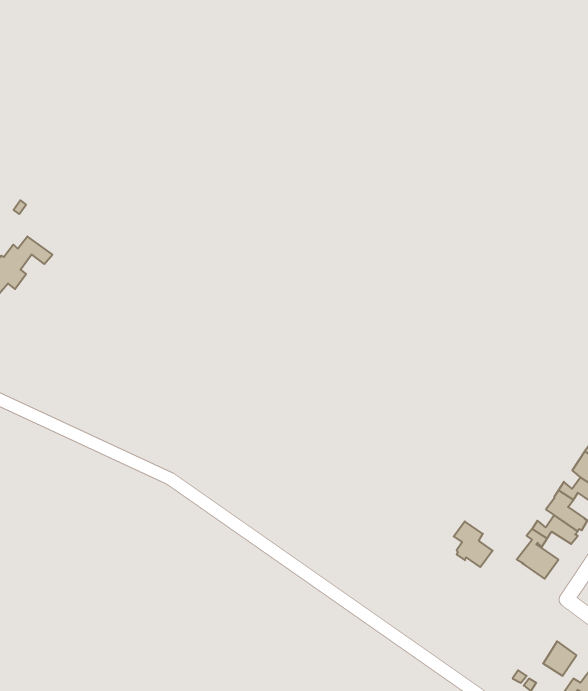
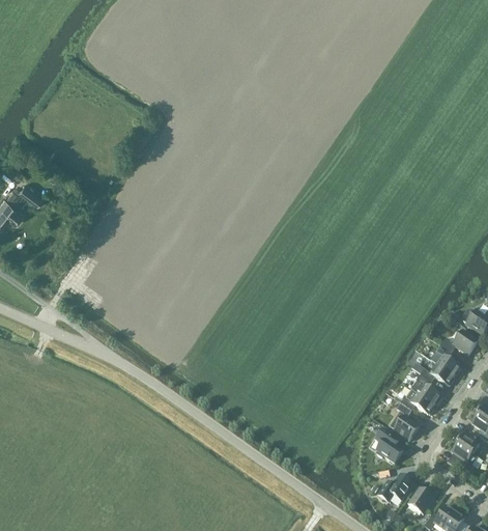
building: [454,521,493,567] -> [374,427,403,462]
building: none -> [378,473,413,501]

